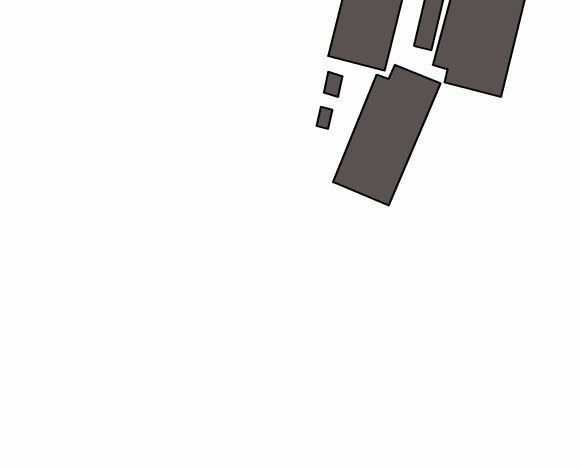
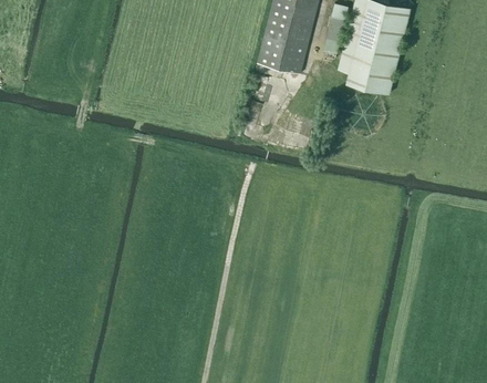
building: [333,65,440,206] -> none

